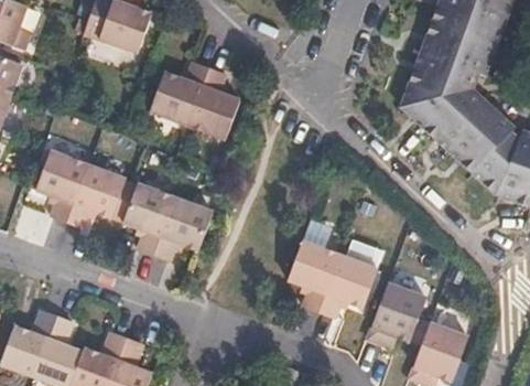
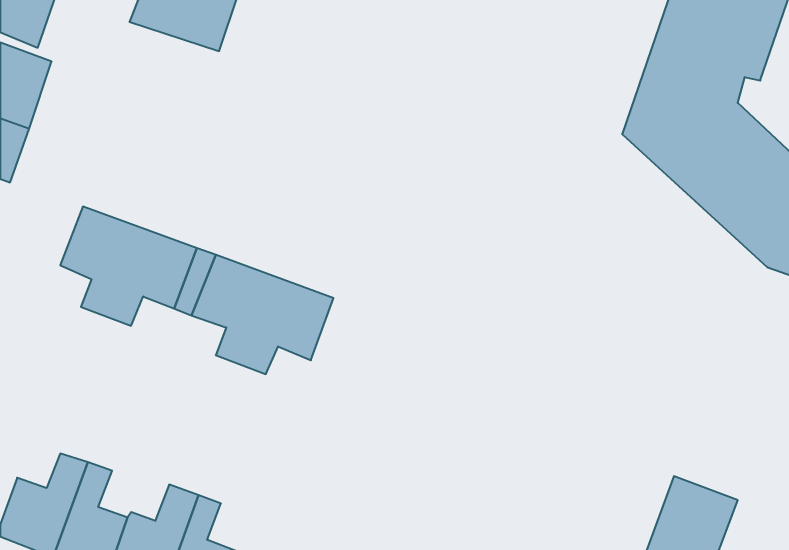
building: [144,62,238,147] -> none
building: [289,237,379,315] -> none
building: [369,280,432,342] -> none

